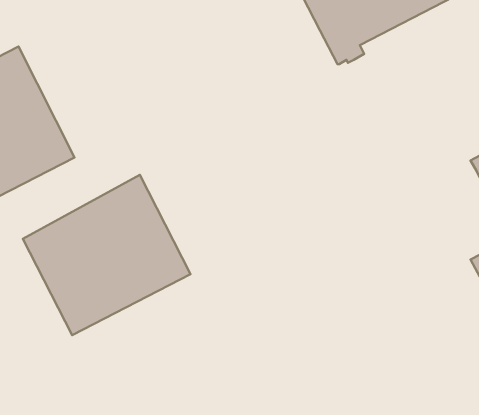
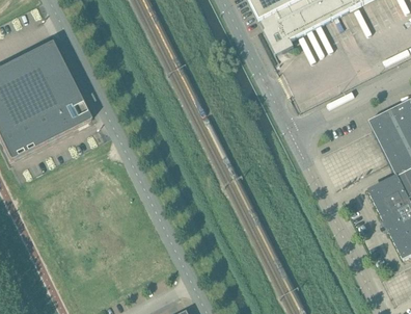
building: [23,175,191,335] -> none

